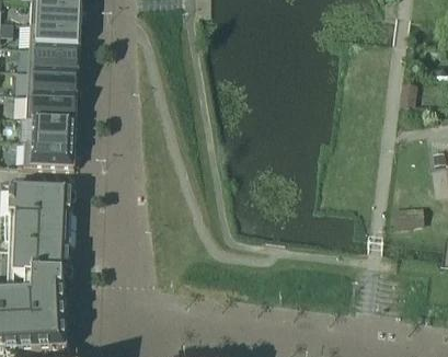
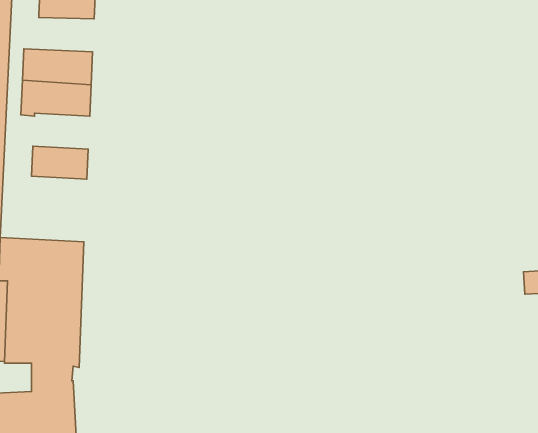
building: [27,16,79,44] -> none
building: [24,89,76,115] -> none
building: [22,135,73,163] -> none

